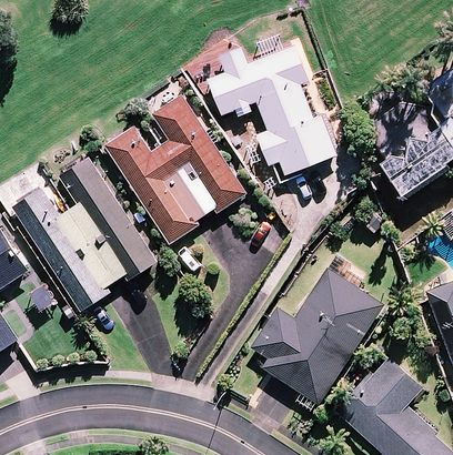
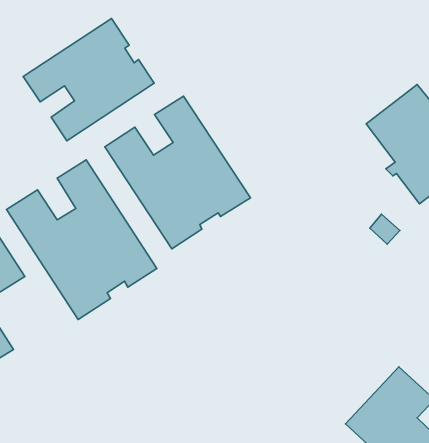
building: none -> [23,19,154,141]
building: [208,44,335,174] -> none
building: [252,270,383,404] -> none

